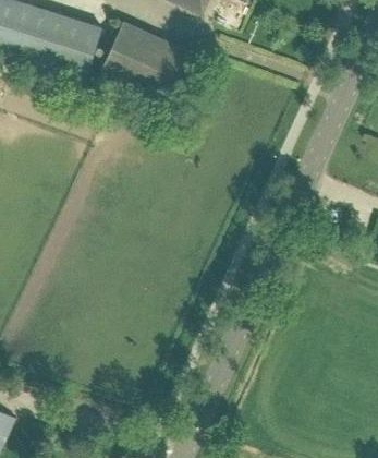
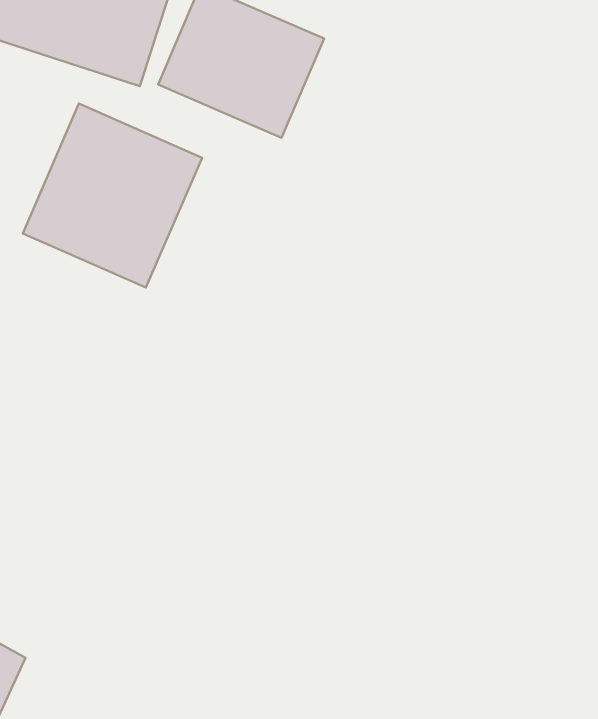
building: none -> [23,104,202,287]

